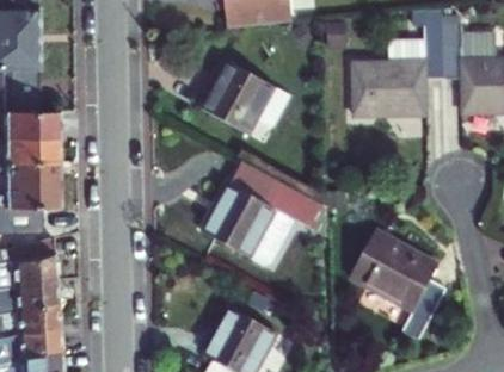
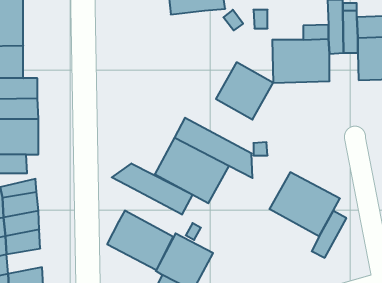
building: [203,61,276,134] -> [216,62,273,120]
building: none -> [112,163,192,215]
building: none -> [107,210,173,270]
building: [16,327,61,359] -> none

